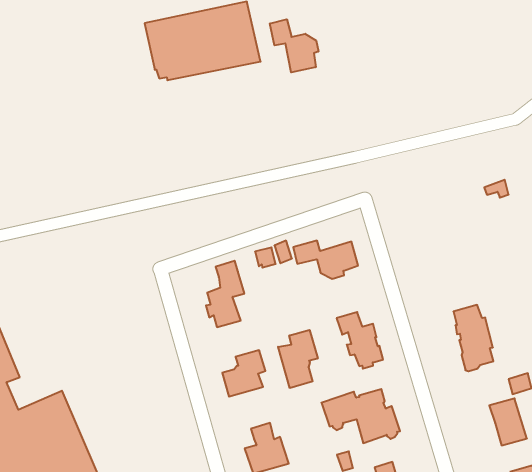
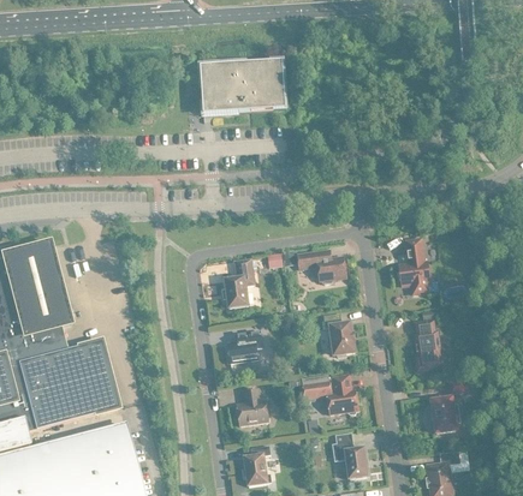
building: [270,19,318,72] -> none
building: none -> [398,238,429,294]
building: [278,330,318,388] -> none

